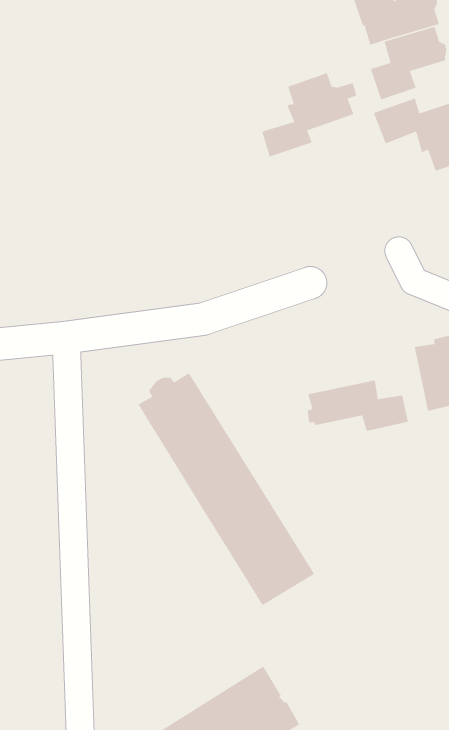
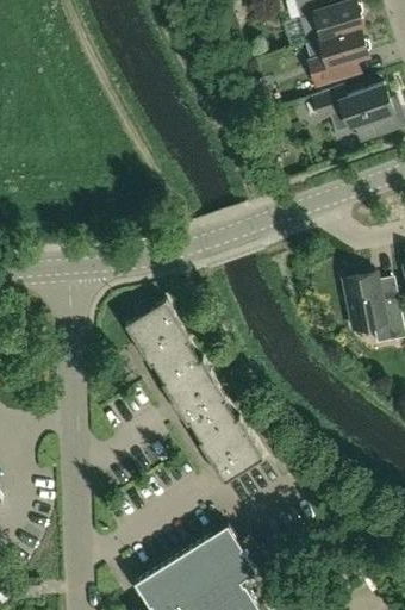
building: [261,72,358,157] -> none
building: [307,380,409,432] -> none

